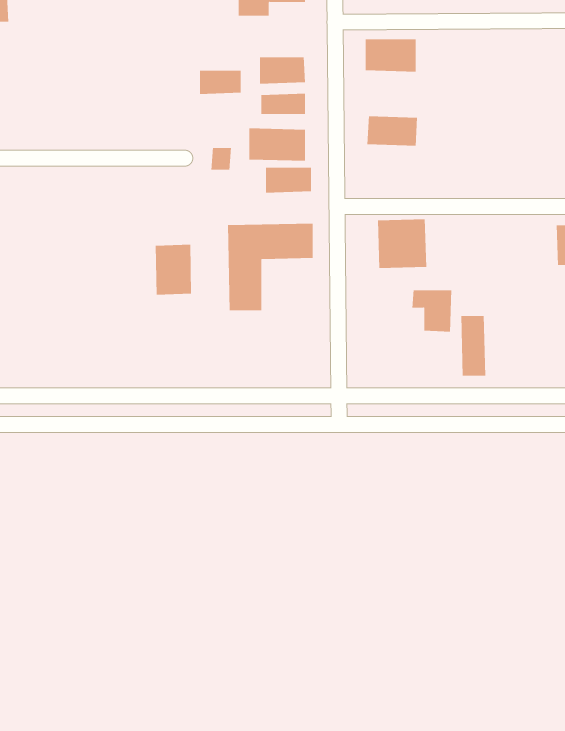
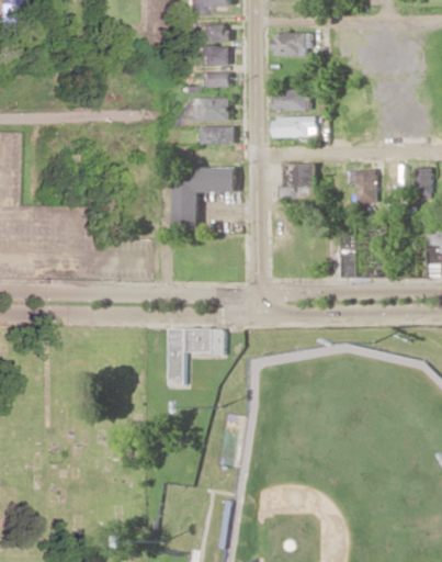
building: [199,70,242,94] -> [197,25,228,43]
building: none -> [273,117,318,138]
building: [155,244,192,296] -> none
building: [411,290,452,332] -> [349,172,378,203]
building: none -> [167,328,224,389]

